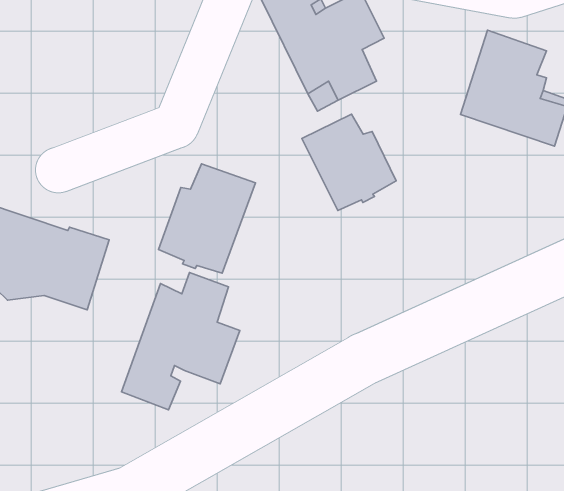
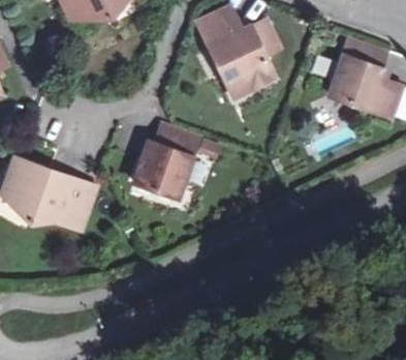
building: [302,114,396,210] -> none
building: [121,272,240,410] -> none

